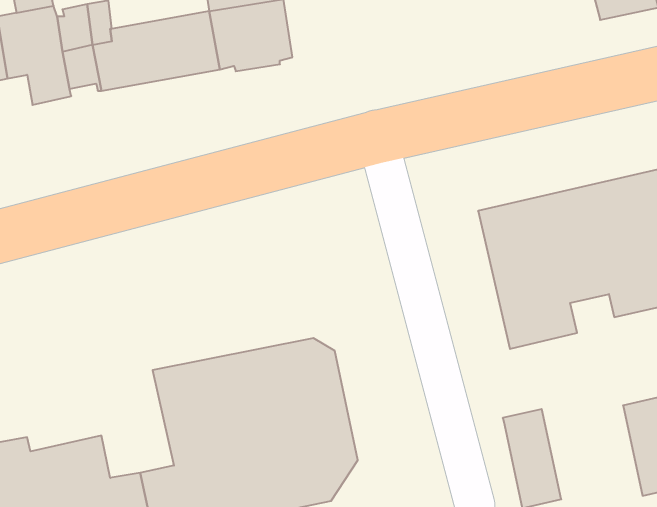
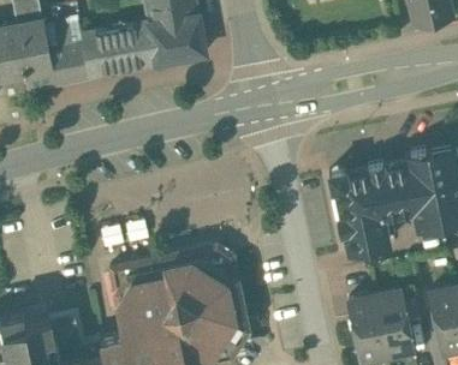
building: none -> [374,292,412,358]

